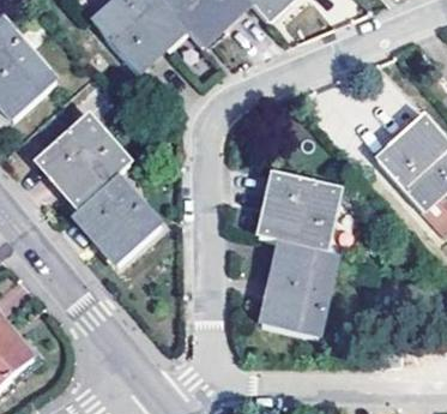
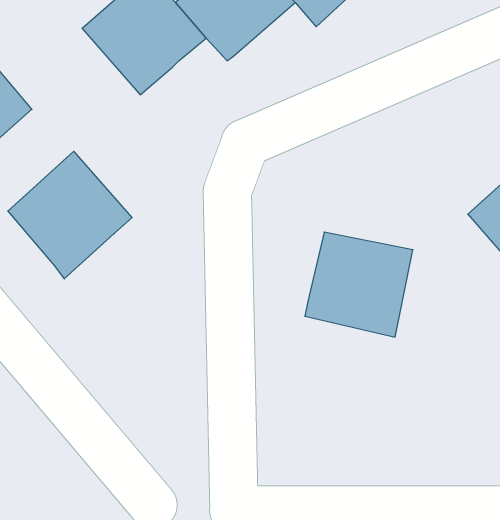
building: [73,174,159,263] -> none
building: [259,240,333,336] -> none

